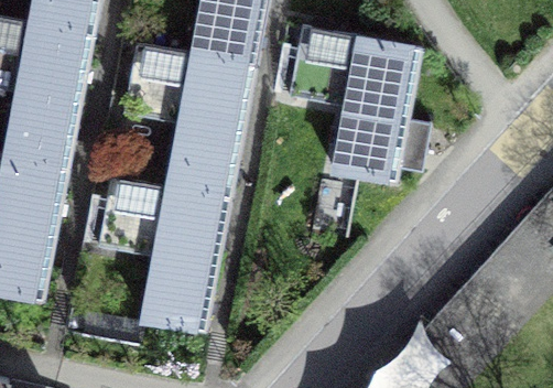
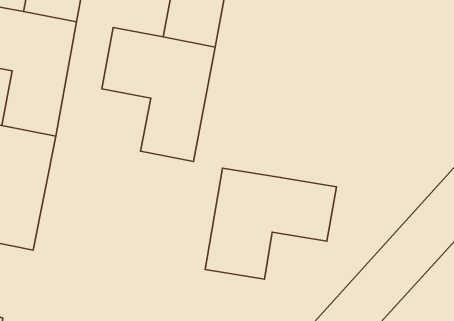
building: [290,28,430,184] -> none
building: [97,176,229,334] -> none
building: none -> [205,168,336,279]

